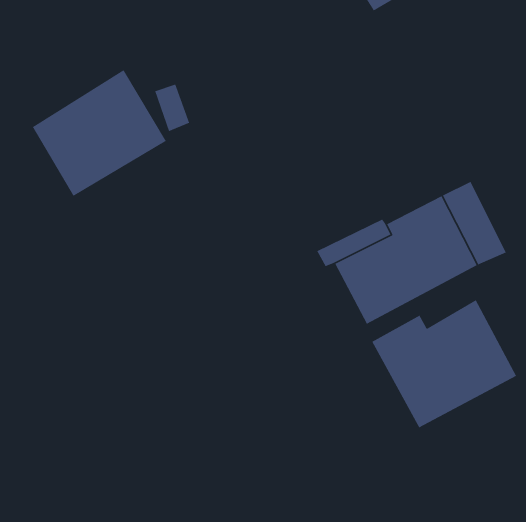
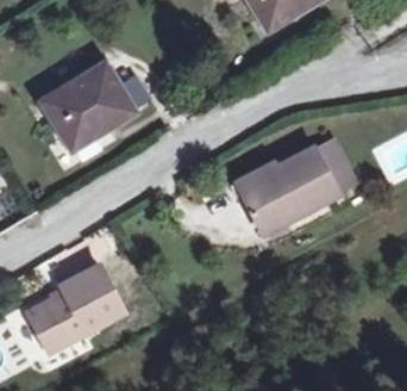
building: [371,299,517,429] -> none
building: none -> [29,267,124,353]

